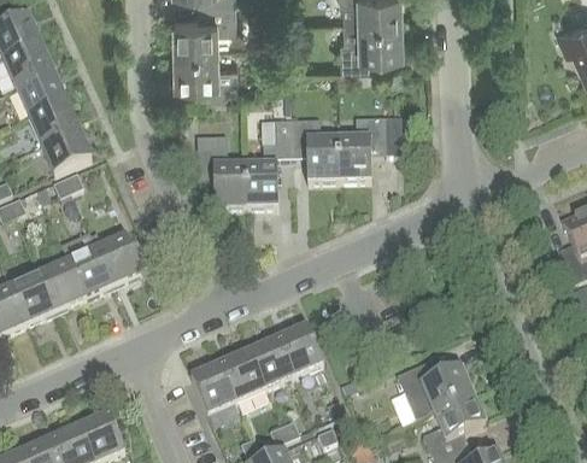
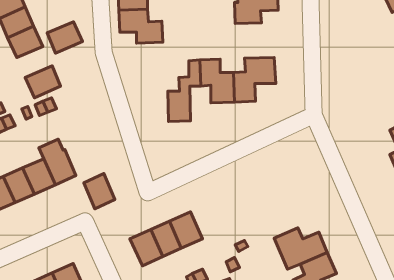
building: [29,99,80,143] -> [47,22,83,53]
building: [196,136,246,207] -> none
building: [98,233,142,283] -> [84,173,115,209]
building: [277,322,324,374] -> none

